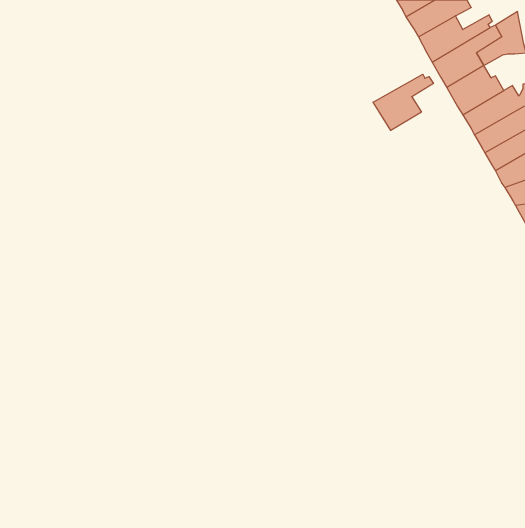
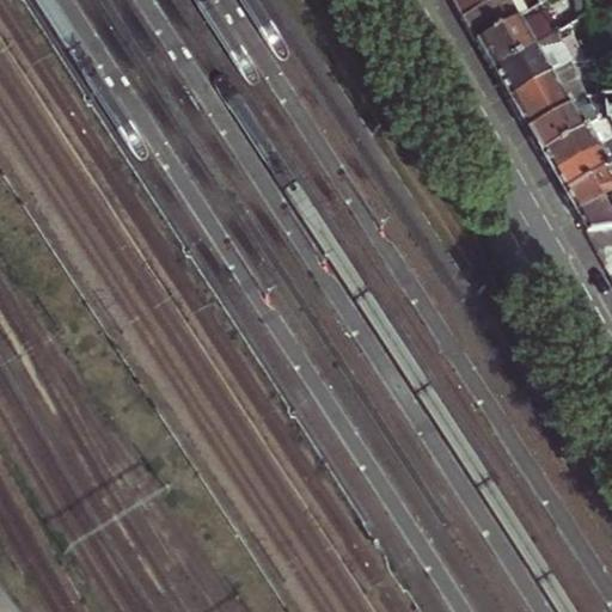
building: [373,74,433,130] -> none

